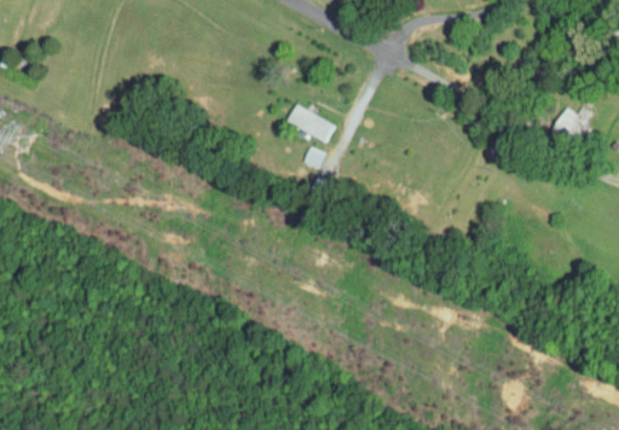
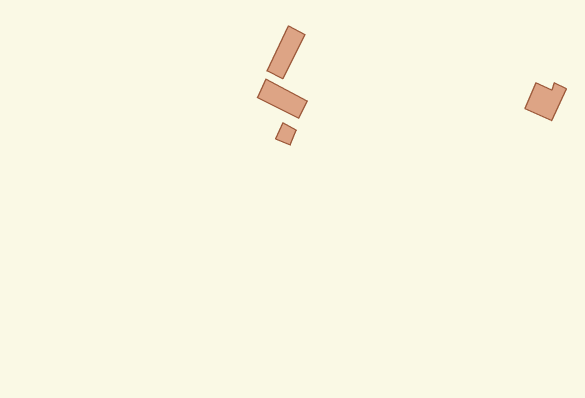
building: none -> [267,26,305,79]

